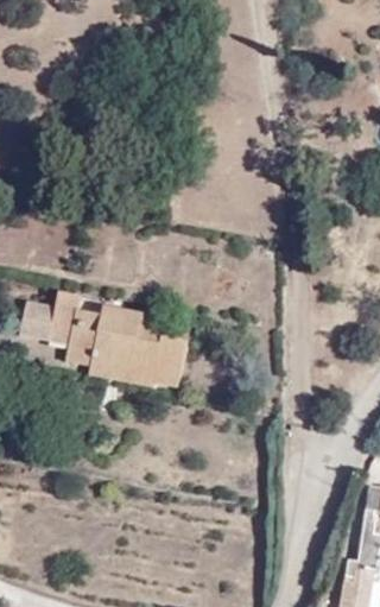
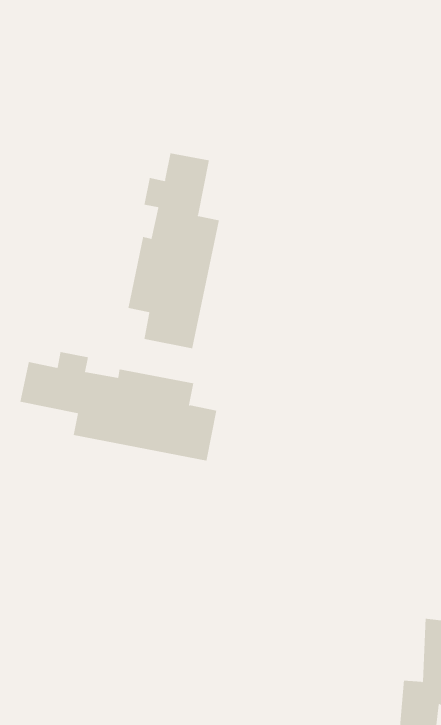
building: none -> [128,153,219,349]

